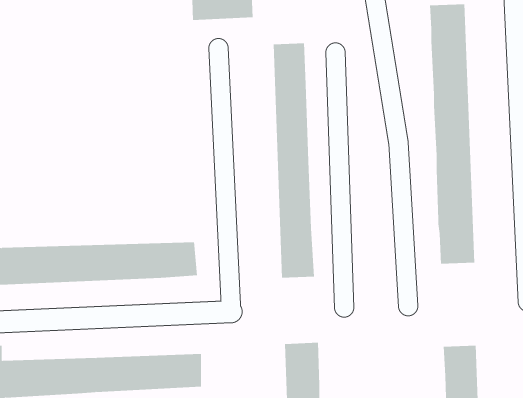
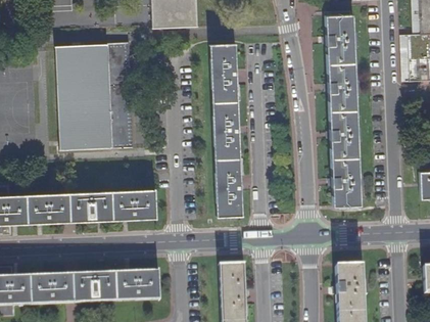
building: none -> [57,42,134,149]

